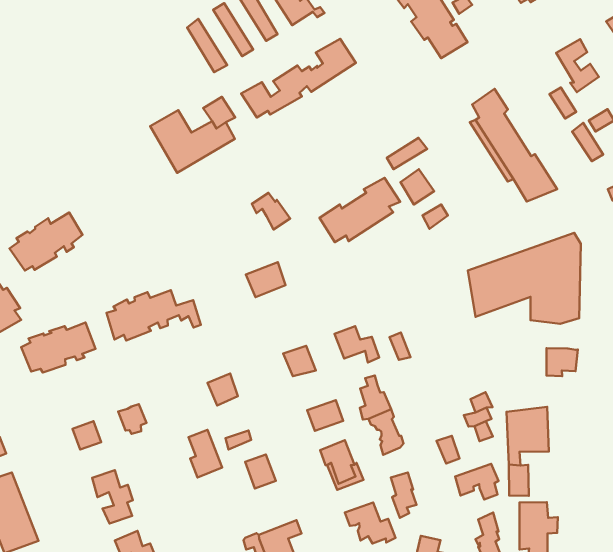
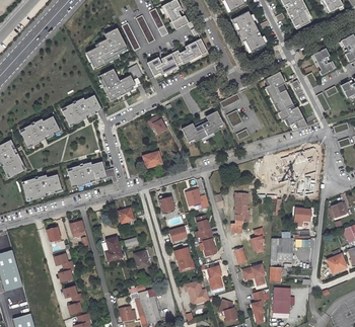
building: none -> [86,26,127,68]
building: none -> [62,95,101,124]
building: none -> [231,191,250,233]

